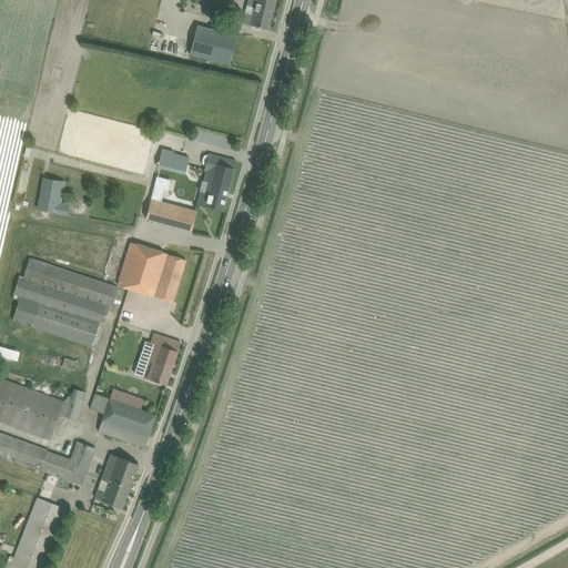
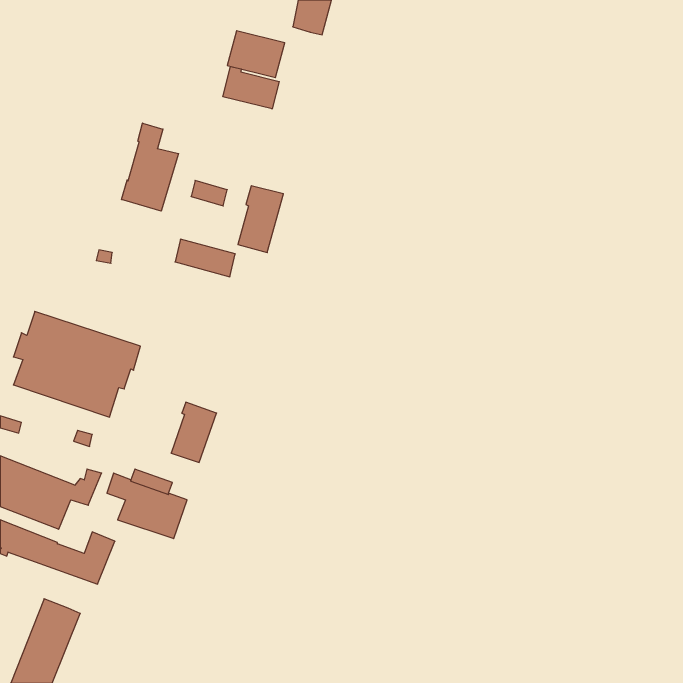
building: none -> [223,67,279,109]
building: none -> [122,123,179,211]
building: [38,178,68,214] -> none
building: [118,243,185,302] -> none
building: [94,454,138,508] -> none

